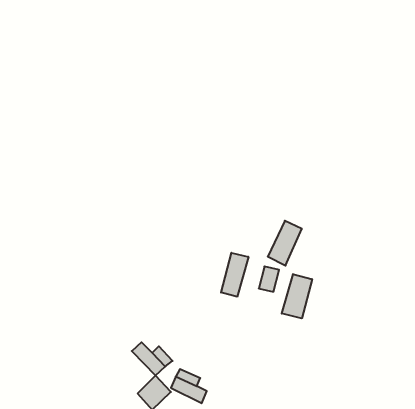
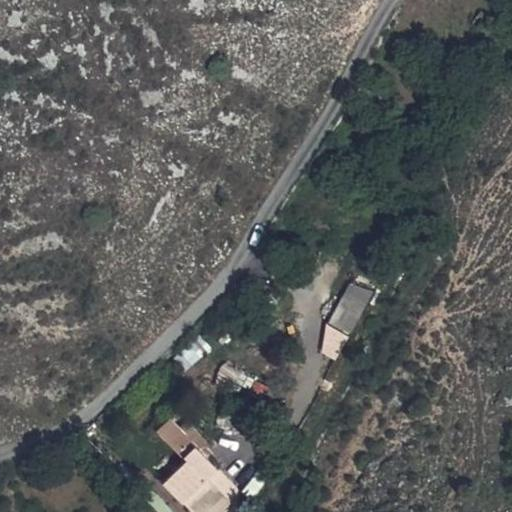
building: [221,253,248,297] -> none
building: [282,274,312,318] -> none

